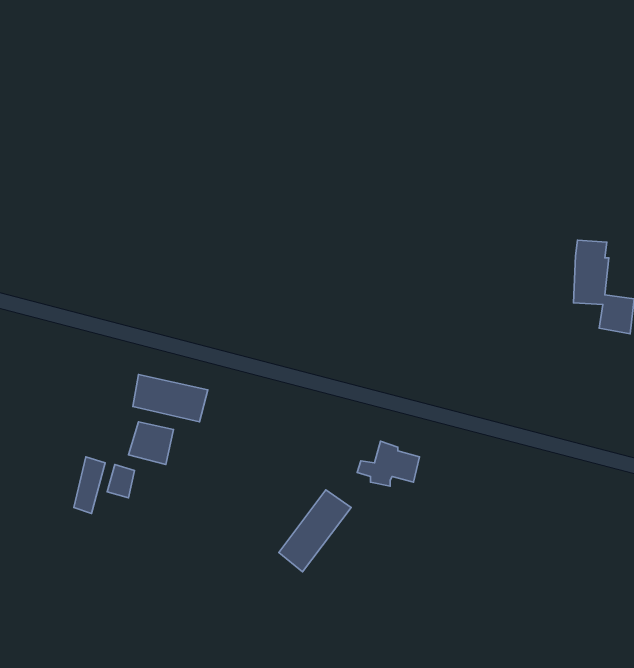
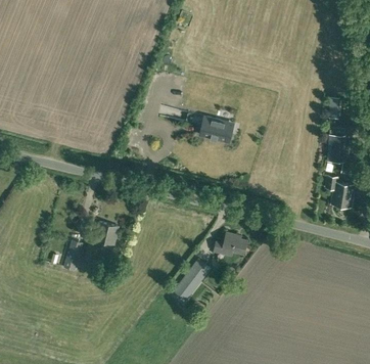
building: none -> [199,116,233,142]
building: none -> [327,177,355,207]
building: [133,375,208,422] -> none

